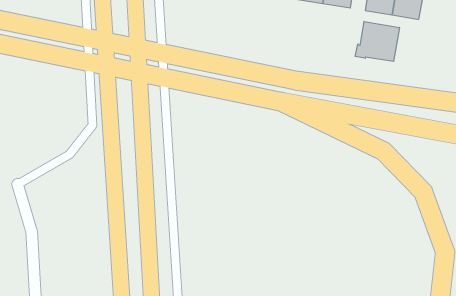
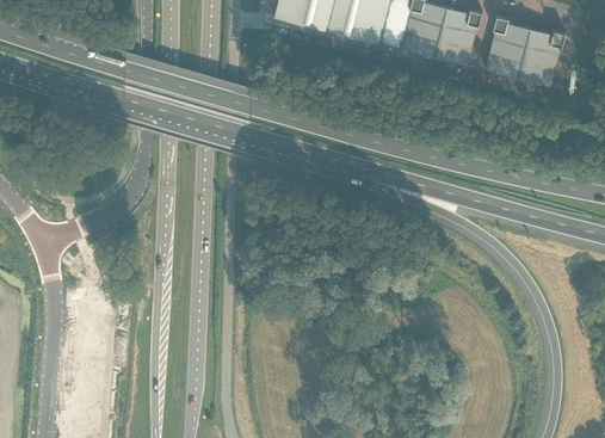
building: [355,21,399,61] -> none

